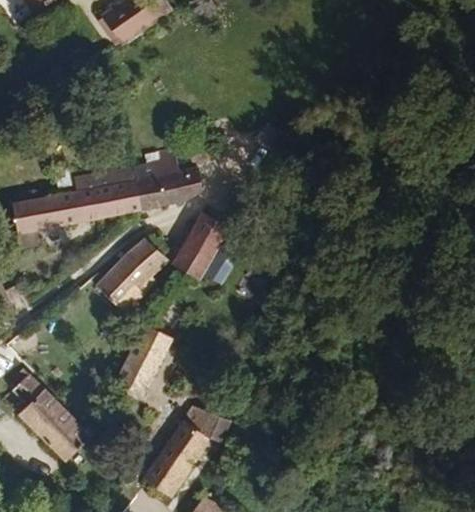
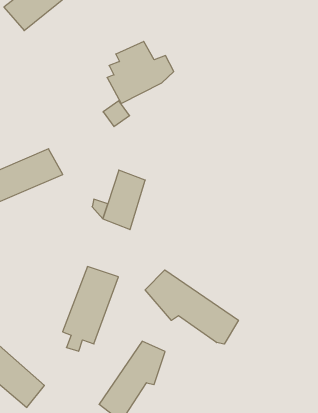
building: [127,142,202,208] -> [107,41,174,104]
building: [90,238,160,313] -> none
building: none -> [145,270,238,344]

